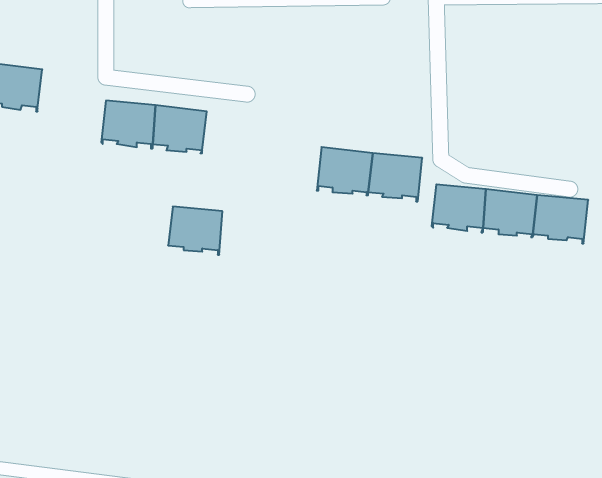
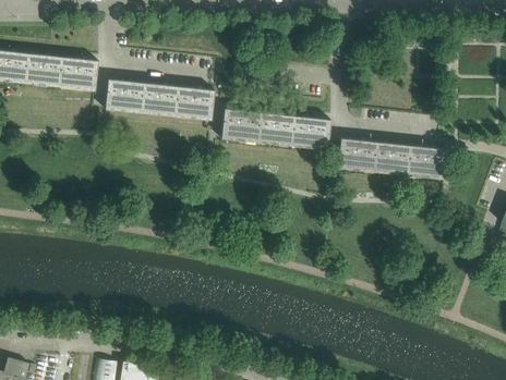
building: none -> [60,58,98,91]
building: none -> [220,109,260,143]
building: [168,207,222,255] -> [176,87,214,121]

